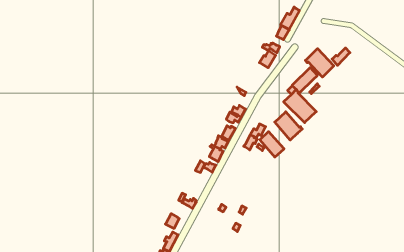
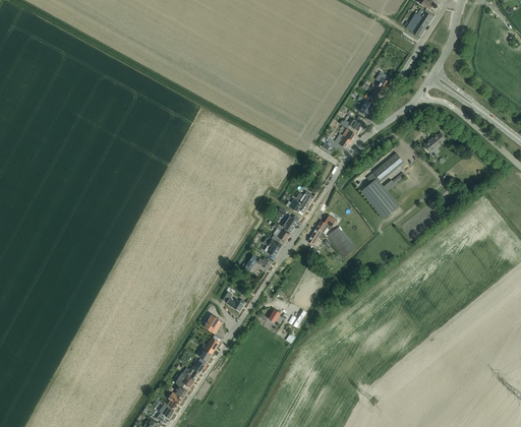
building: [305,49,334,77] -> none
building: [275,112,302,140] -> none

